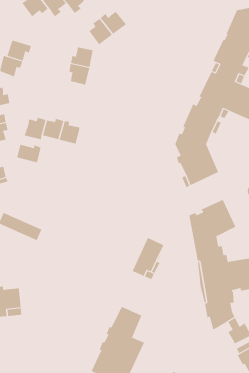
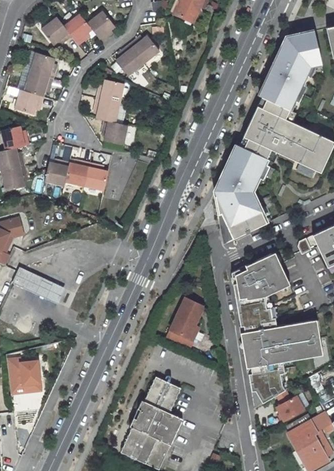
building: none -> [29,52,55,78]
building: none -> [100,120,126,145]
building: [17,144,41,163] -> none

